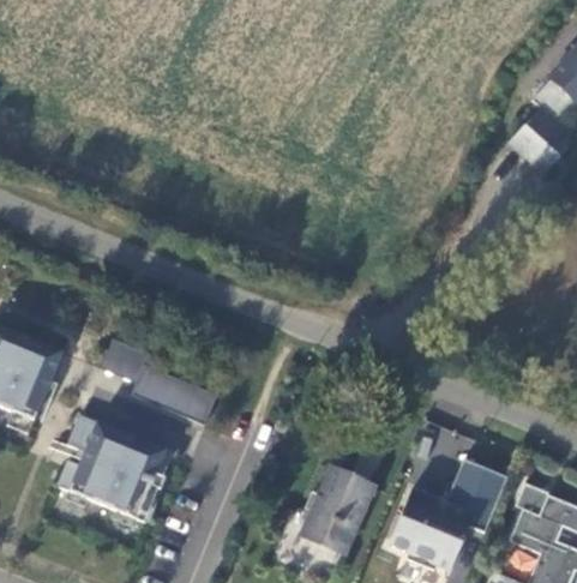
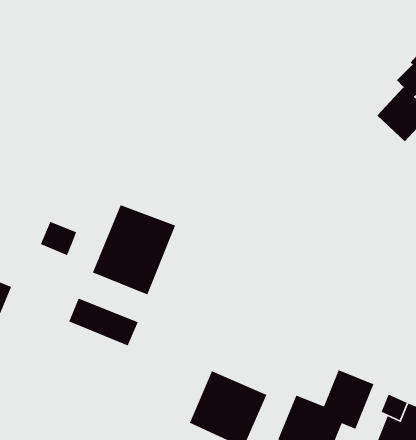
building: none -> [92,204,176,295]
building: [104,341,150,384] -> [40,221,77,256]
building: [61,416,167,523] -> none

